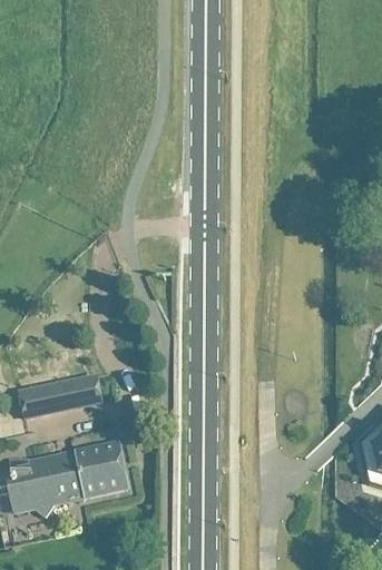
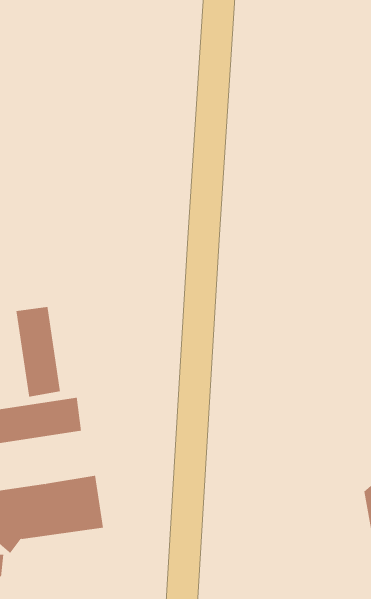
building: none -> [16,306,60,397]

